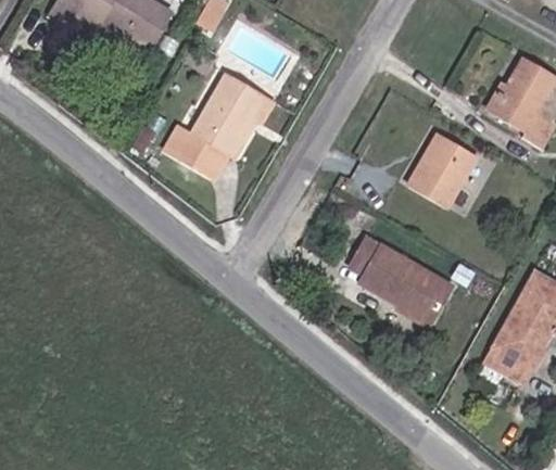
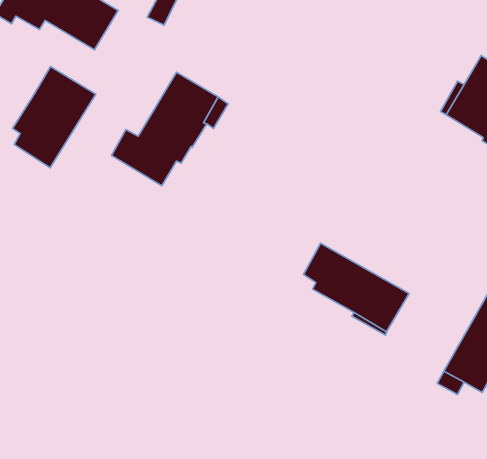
building: none -> [13,67,96,168]
building: [407,131,478,208] -> none

